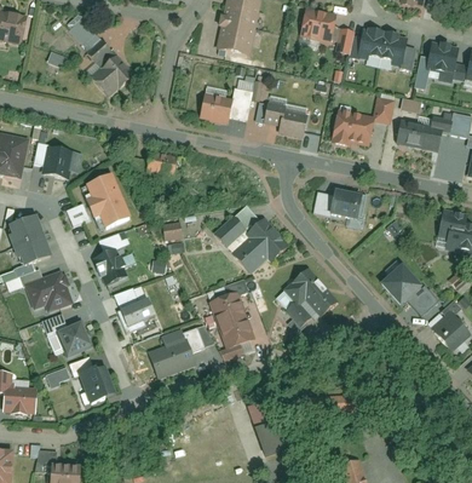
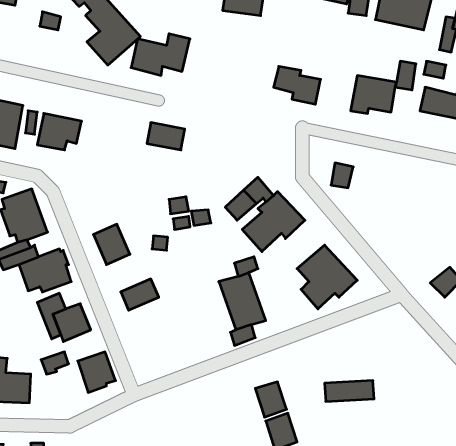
building: [200,85,254,123] -> [131,34,190,75]
building: [86,174,131,228] -> none
building: [330,188,362,219] -> none
building: [382,264,420,301] -> none
building: [149,324,197,376] -> none

